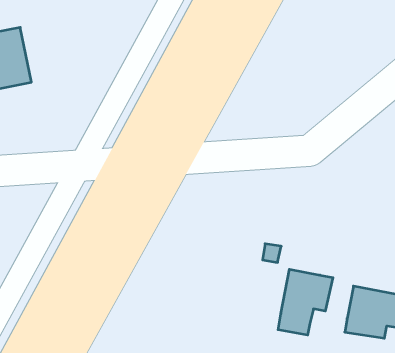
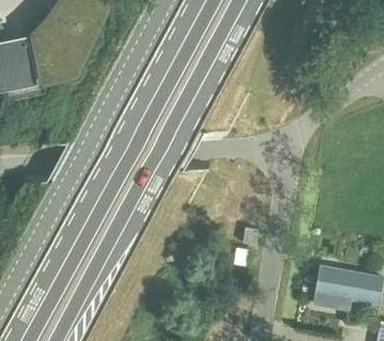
building: [278,269,333,335] -> none

